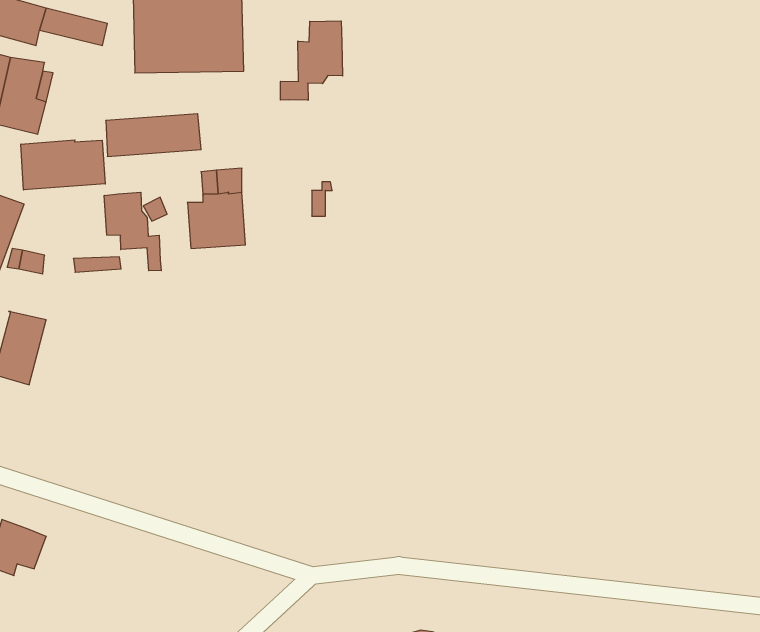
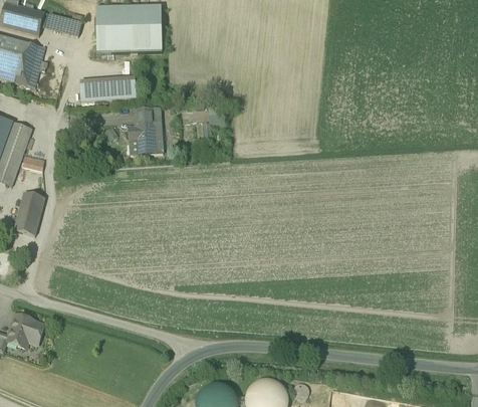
building: [280,21,343,100] -> none
building: [21,140,105,190] -> none
building: [104,192,161,271] -> none

